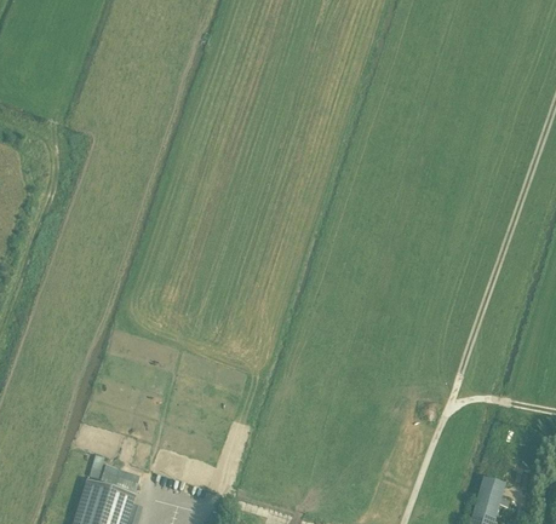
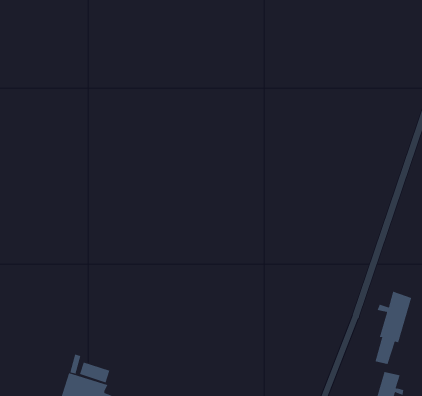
building: none -> [375,291,412,365]

